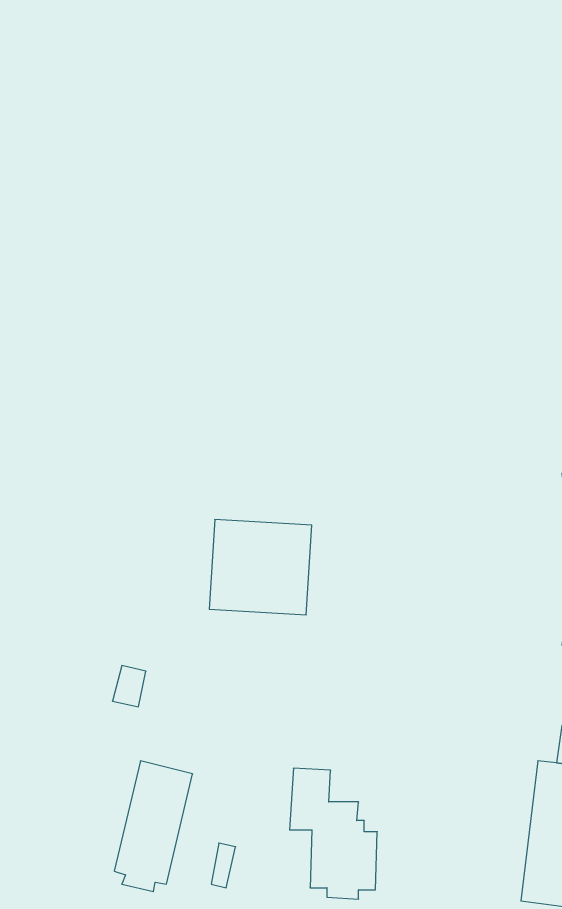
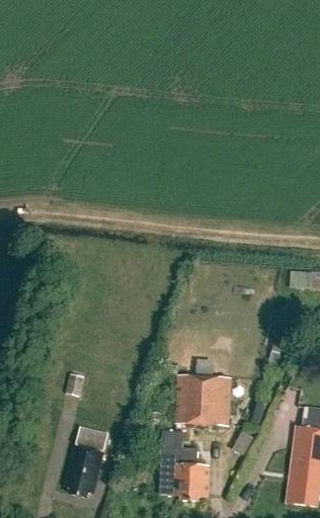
building: [209,520,312,615] -> [175,374,231,426]

